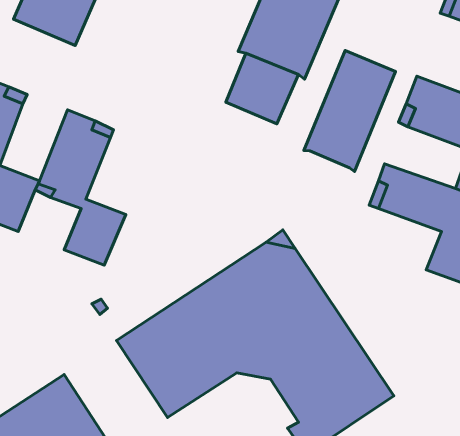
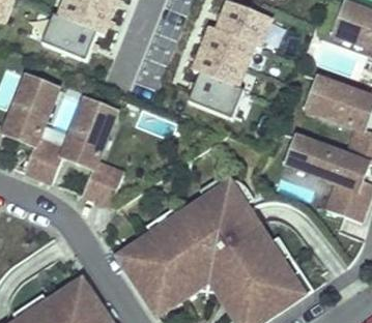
building: [304,50,396,171] -> none
building: none -> [150,277,238,316]

